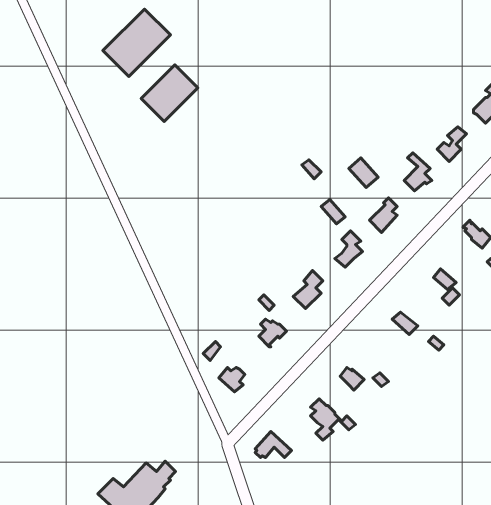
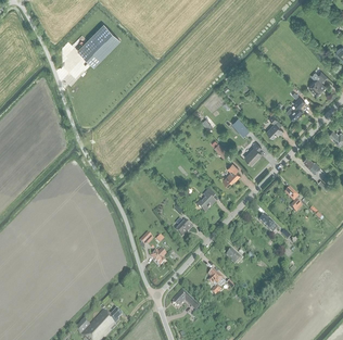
building: [141,65,198,121] -> none

